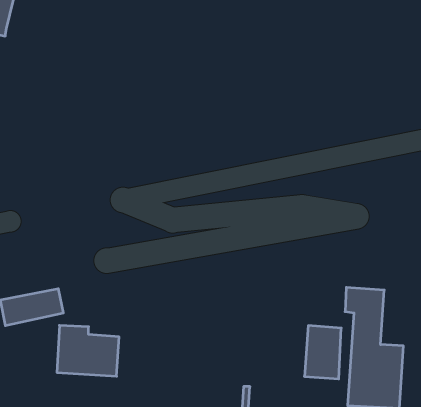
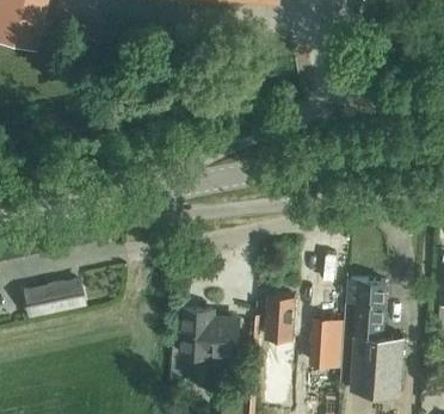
building: none -> [266,295,295,342]
building: [57,325,119,376] -> [183,310,241,358]

